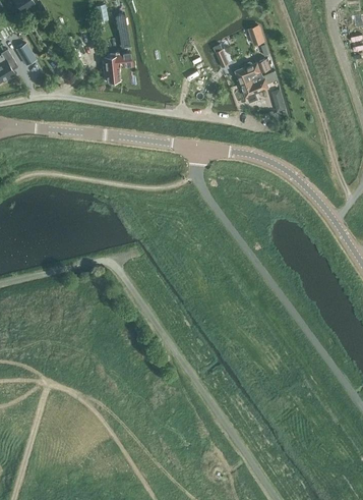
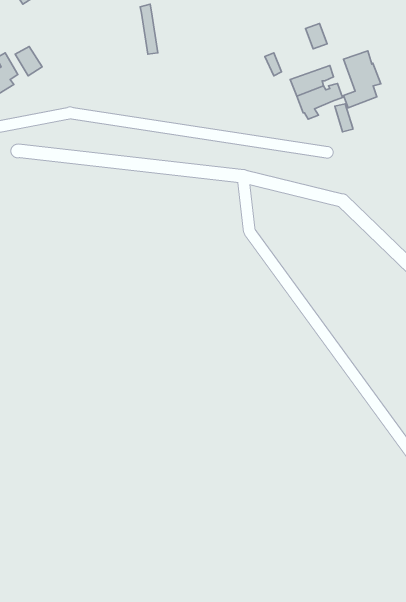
building: none -> [344,51,381,108]
building: [104,51,131,80] -> none

